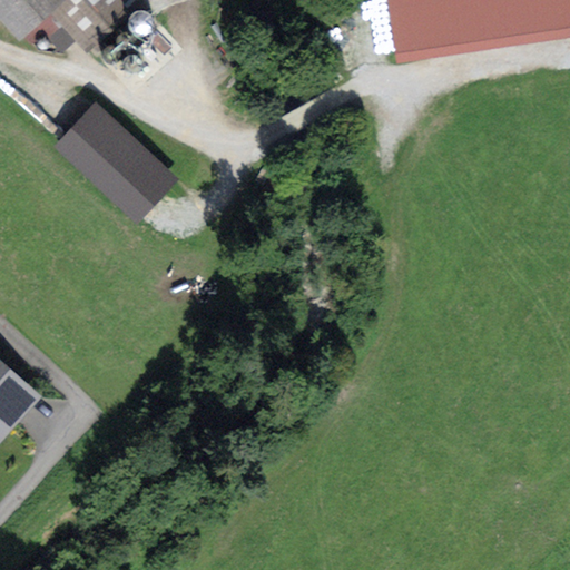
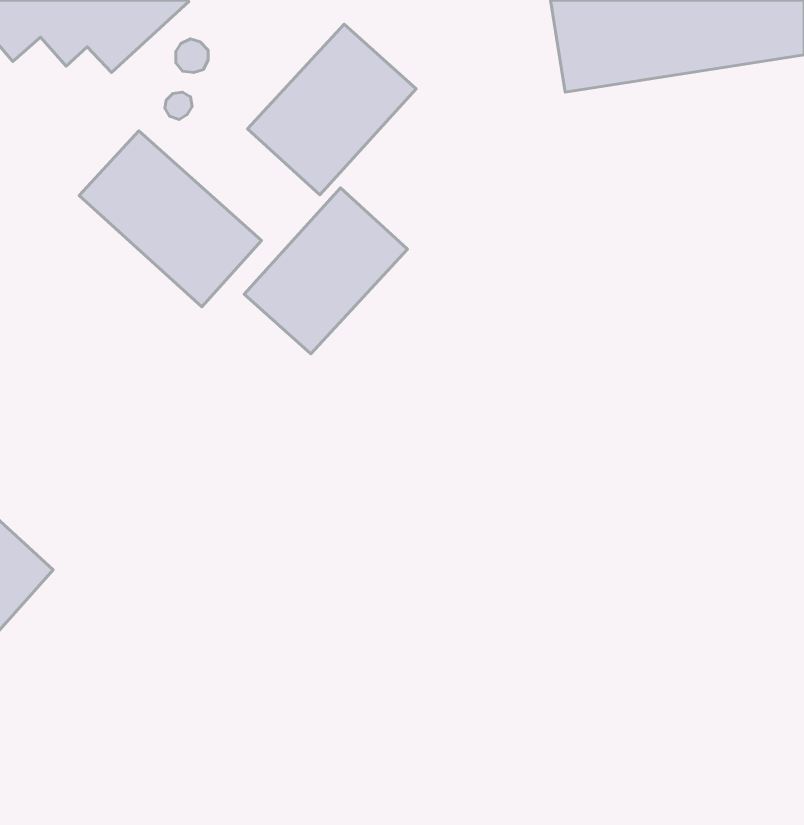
building: none -> [247,24,416,195]
building: none -> [244,188,407,354]

